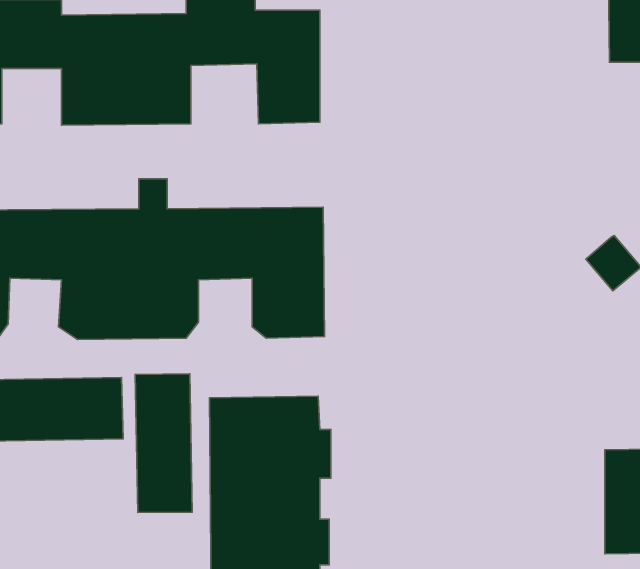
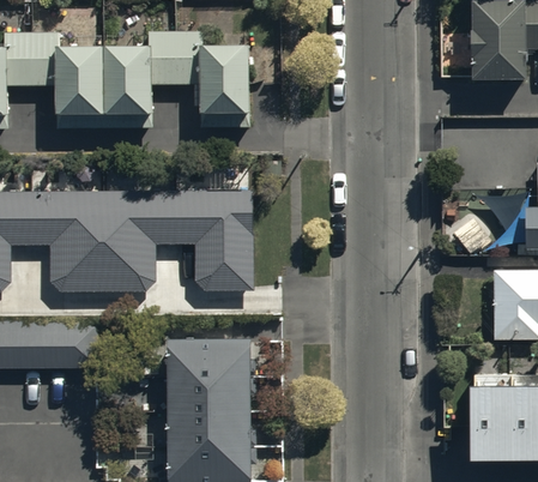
building: [135,374,192,513] -> none

